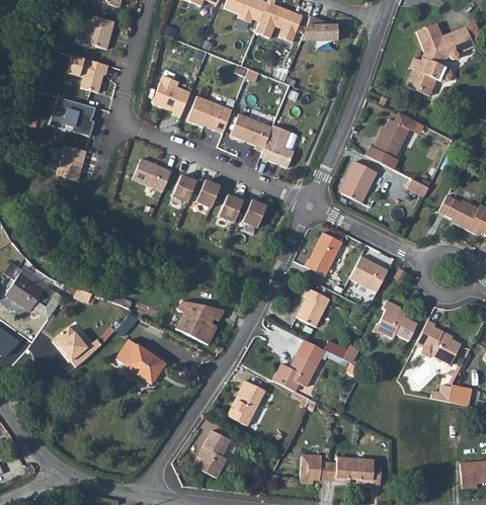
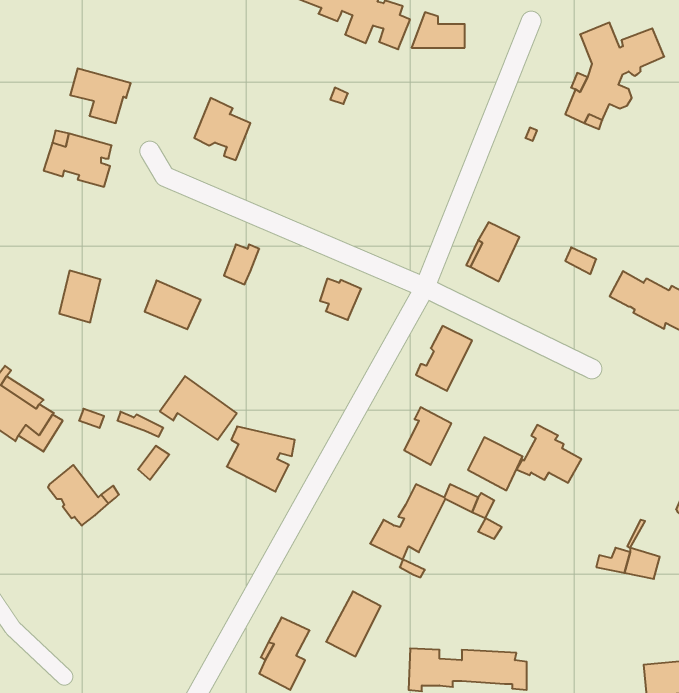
building: [86,16,115,50] -> none
building: [188,96,233,134] -> none
building: [366,111,415,169] -> none
building: [231,114,295,168] -> none
building: [58,146,86,181] -> [59,271,101,322]
building: [134,159,172,192] -> [145,280,201,329]
building: [191,179,221,208] -> none
building: [220,195,244,223] -> none
building: [349,257,387,293] -> [468,437,523,490]
building: [416,320,461,364] -> none
building: [112,339,165,383] -> [160,376,237,440]
building: [228,381,265,425] -> [326,591,381,656]

